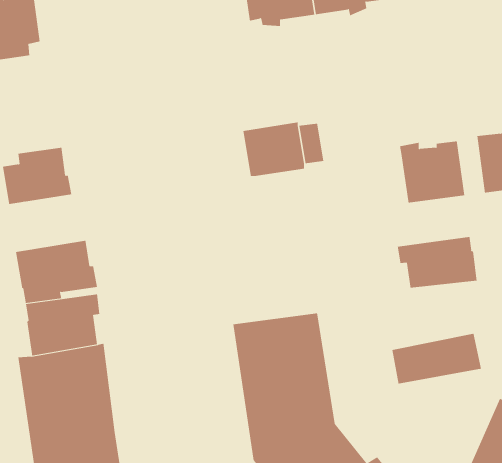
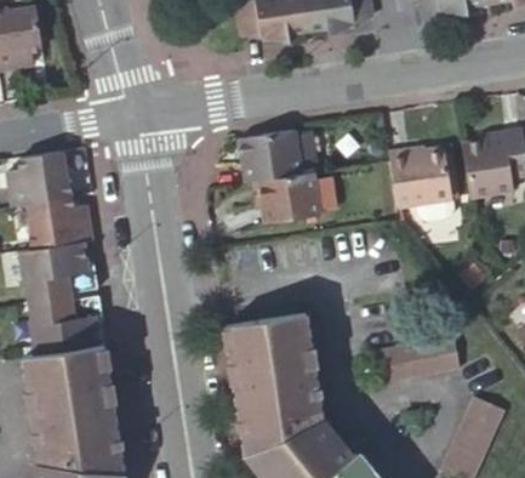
building: none -> [247,173,316,224]
building: none -> [28,200,93,252]
building: [397,236,477,289] -> none

